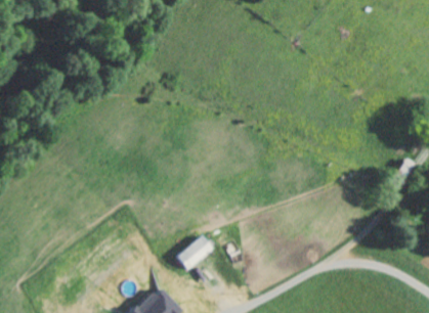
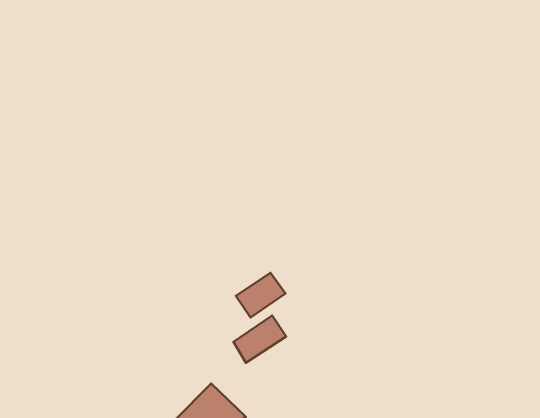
building: none -> [236,273,286,318]

